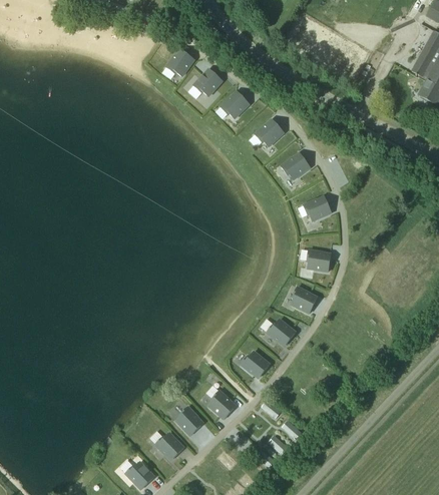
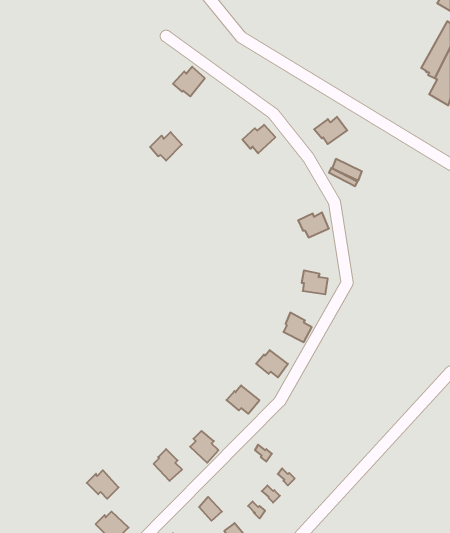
building: [166,49,193,75] -> none
building: [221,92,249,117] -> [150,132,182,161]
building: [281,154,310,178] -> [314,117,347,144]
building: [155,432,183,457] -> [87,470,119,499]

